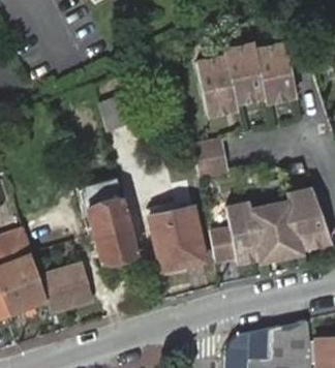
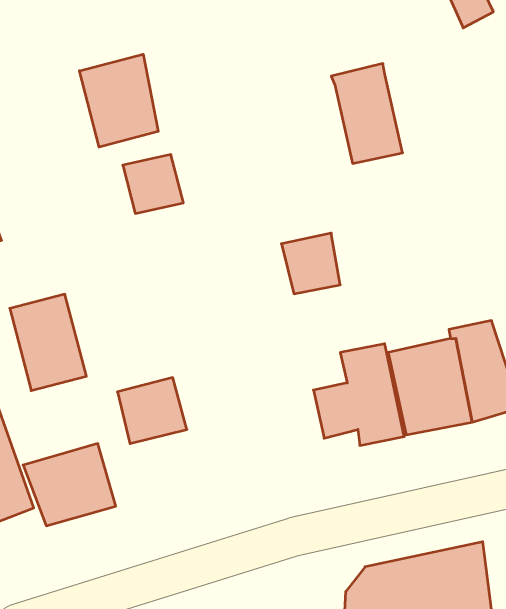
building: none -> [79,54,158,147]
building: [251,44,293,101] -> none
building: [191,56,234,114] -> none
building: [84,178,128,234] -> [10,294,86,391]
building: [151,206,208,270] -> none

